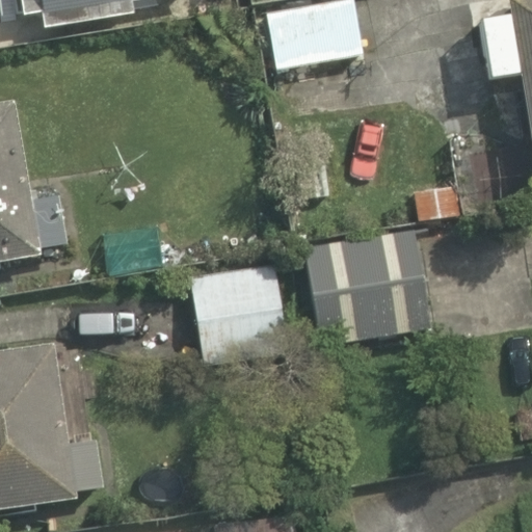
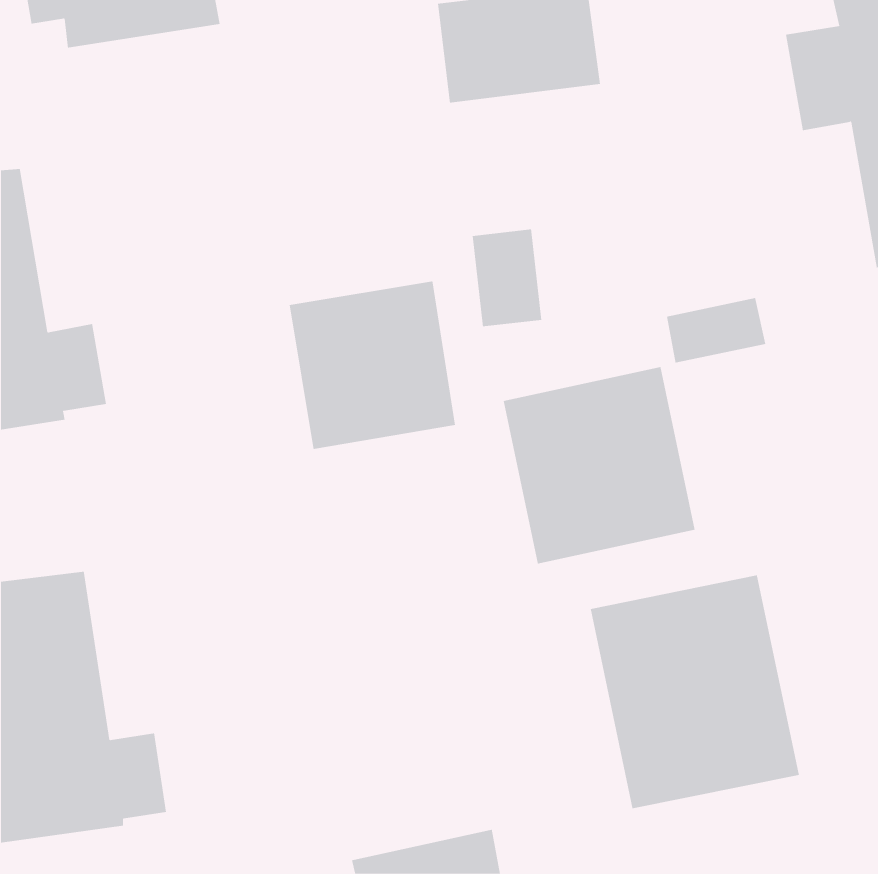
building: [188,265,289,367] -> [289,281,456,449]
building: none -> [590,575,799,809]

